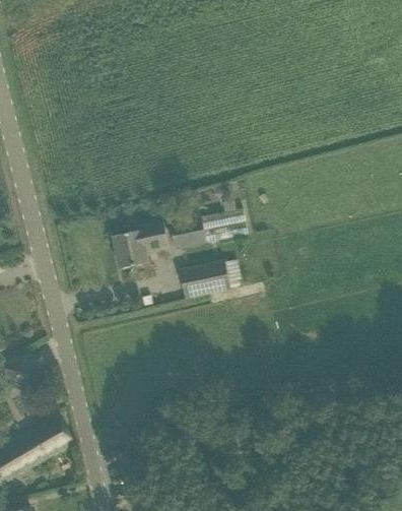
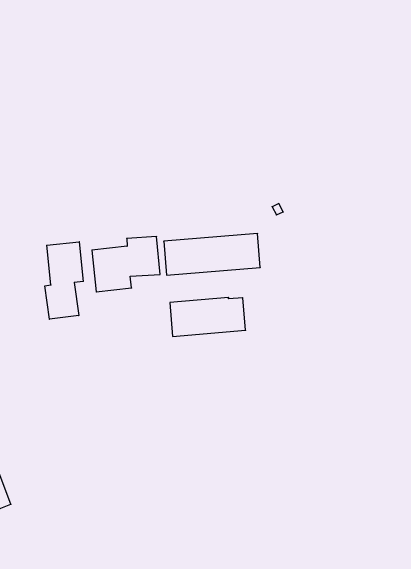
building: none -> [45,242,83,319]

